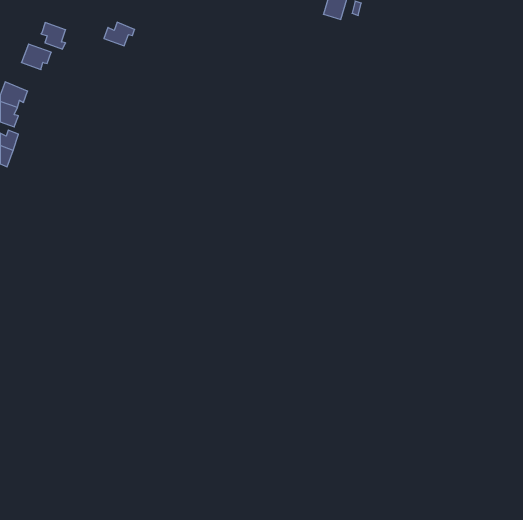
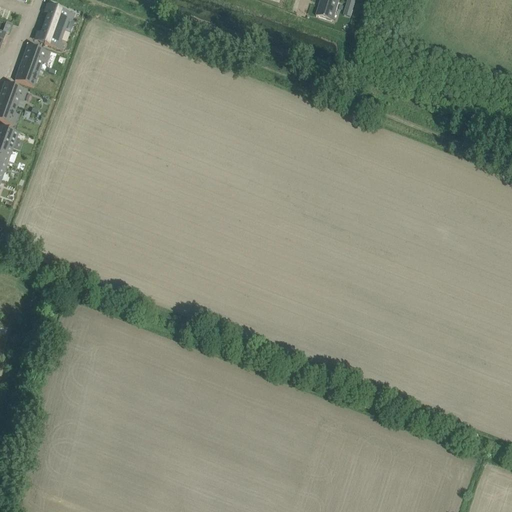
building: [104,22,135,46] -> [44,6,74,29]
building: none -> [15,61,40,85]

